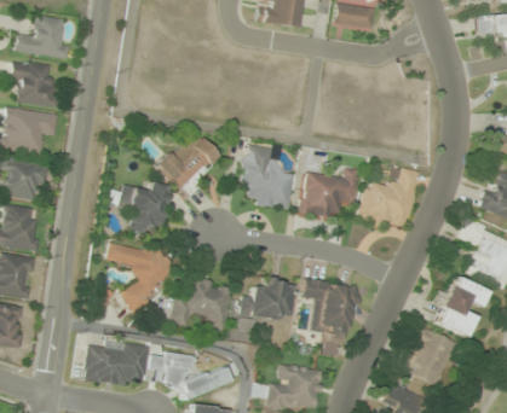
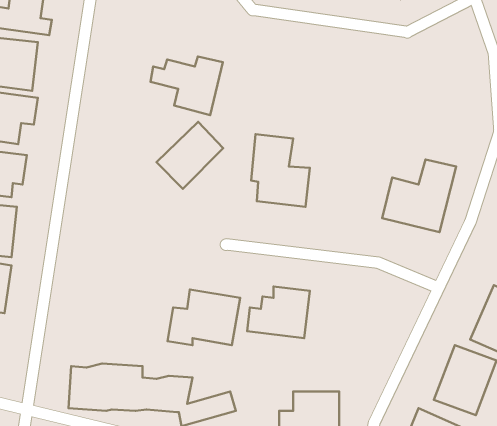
building: [299,167,359,220] -> none
building: [109,182,172,233] -> [150,57,223,115]
building: [108,243,168,310] -> none
building: [300,279,359,337] -> none

